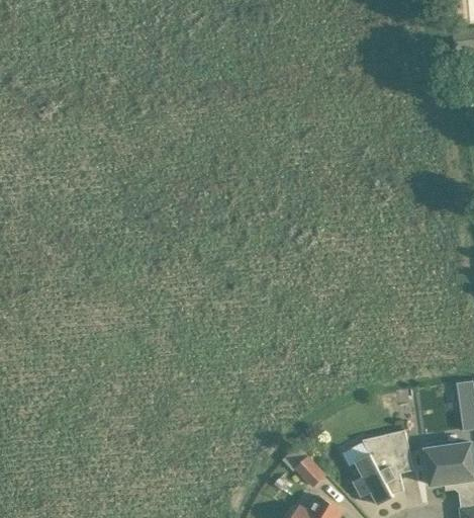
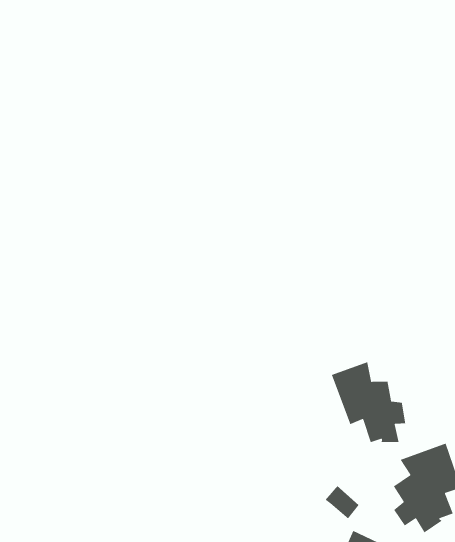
building: none -> [331,361,406,443]

